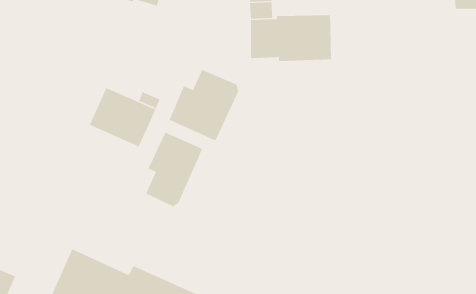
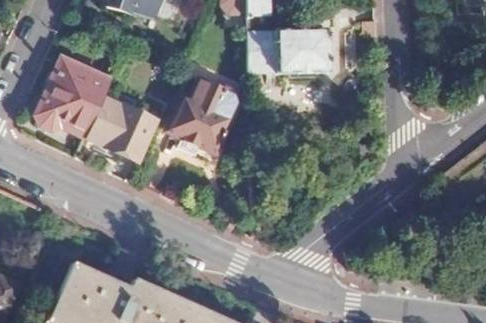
building: none -> [38,55,112,133]
building: [145,131,203,207] -> none

